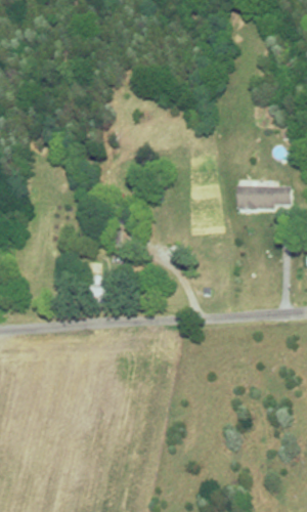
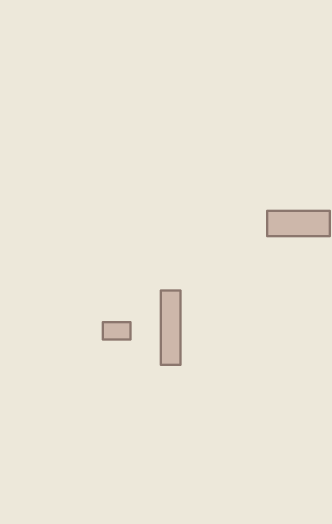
building: none -> [161,290,181,365]

